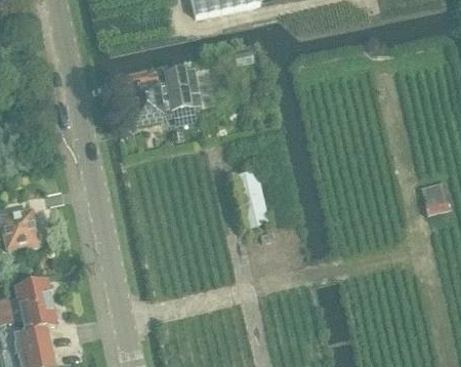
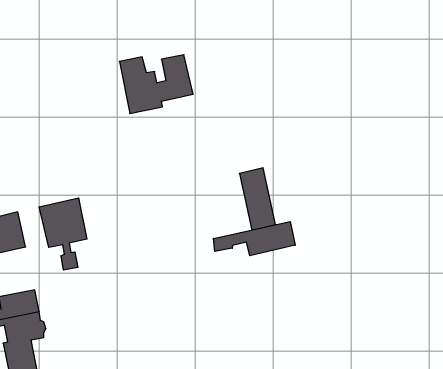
building: none -> [39,198,87,270]
building: none -> [213,222,295,256]

